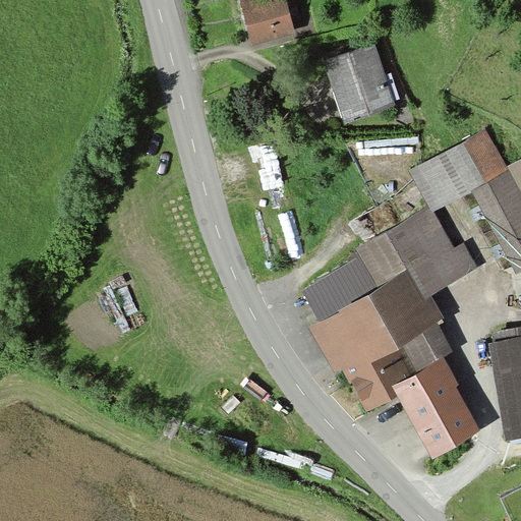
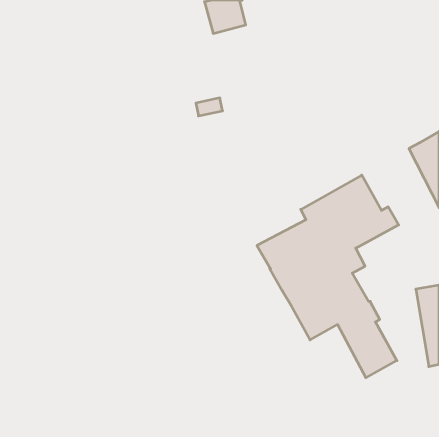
building: [325,47,389,119] -> none
building: [413,136,498,208] -> none

